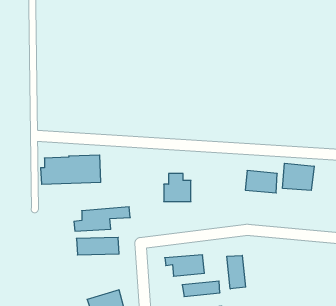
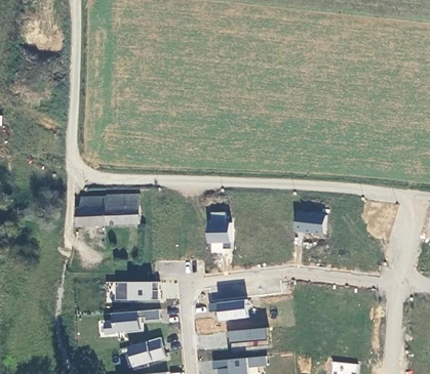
building: [283,163,314,190] -> none
building: [74,207,130,231] -> [103,308,162,334]
building: [227,255,246,289] -> none

